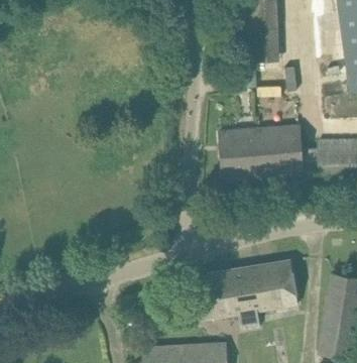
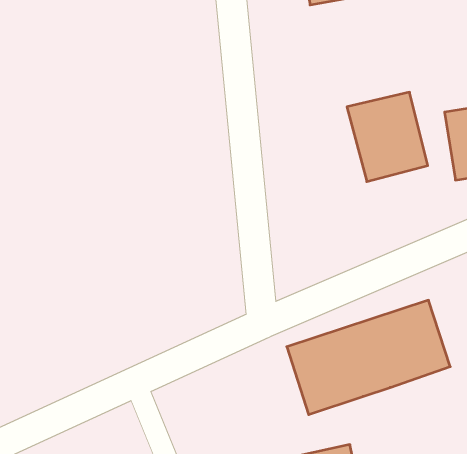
building: [220,128,264,182] -> none

